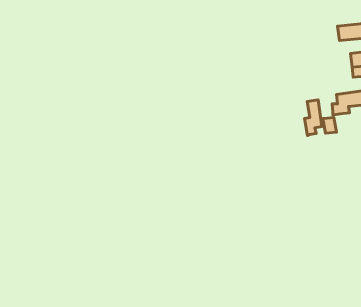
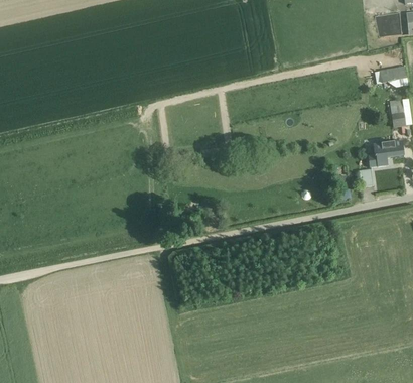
building: [305,100,322,135] -> none

